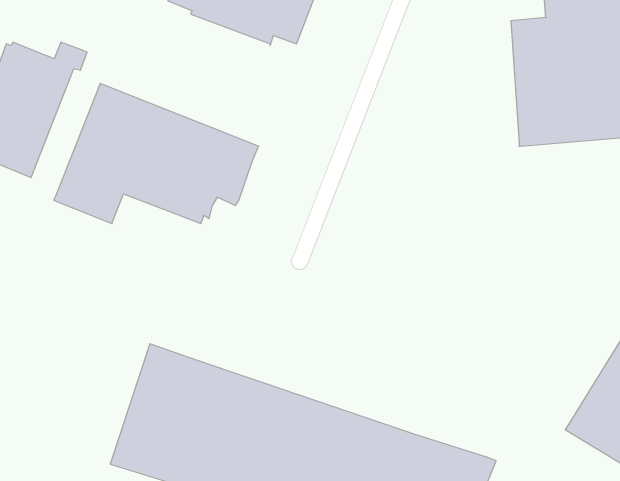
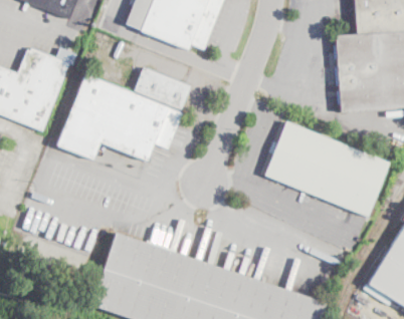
building: none -> [135,68,190,110]
building: none -> [264,121,389,217]

